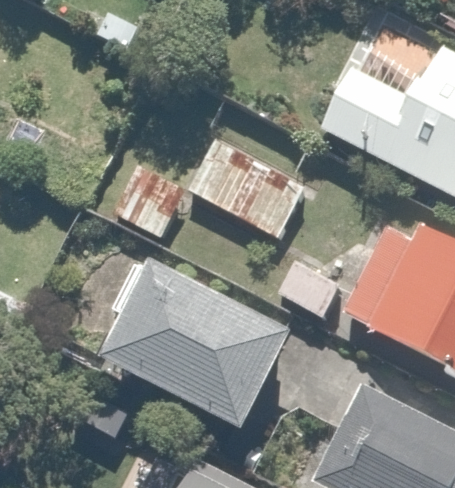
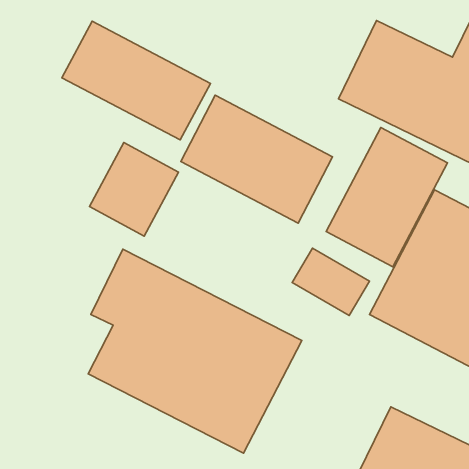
building: none -> [62,21,210,140]
building: none -> [326,128,447,267]

